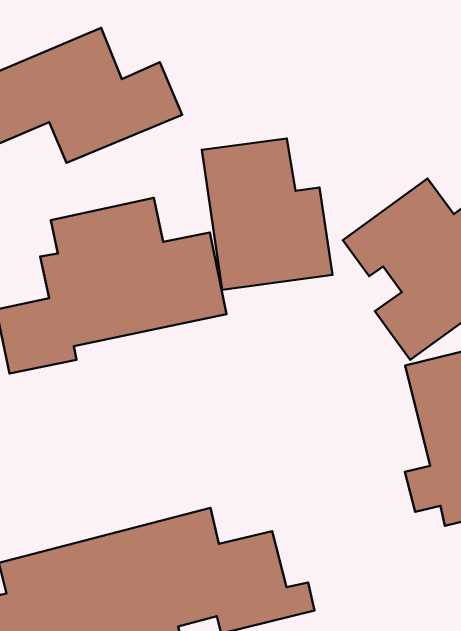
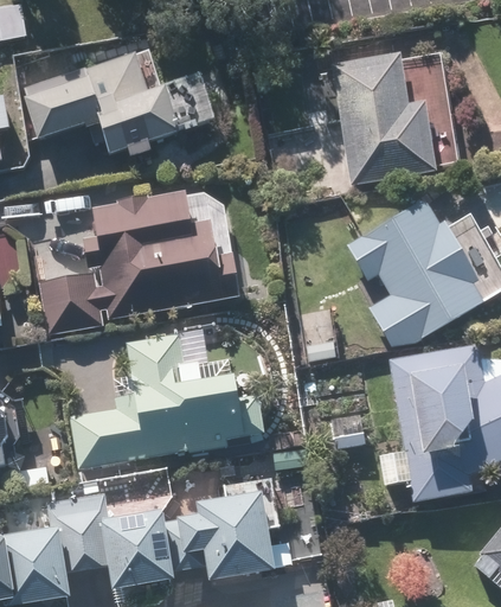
building: [202,139,333,290] -> [328,55,432,181]
building: none -> [71,331,245,468]

